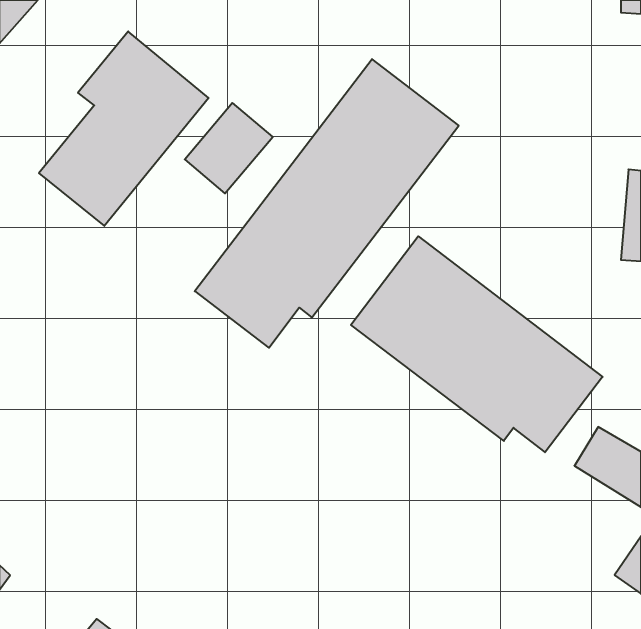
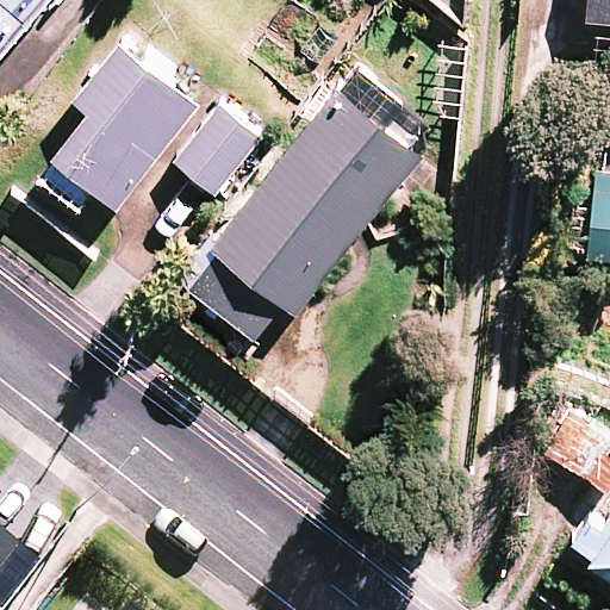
building: [351,236,603,452] -> none

